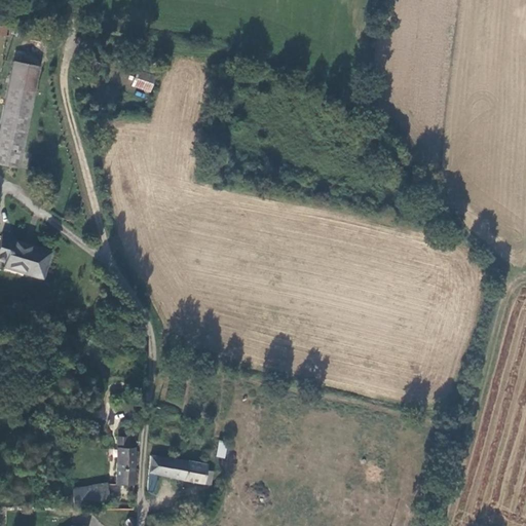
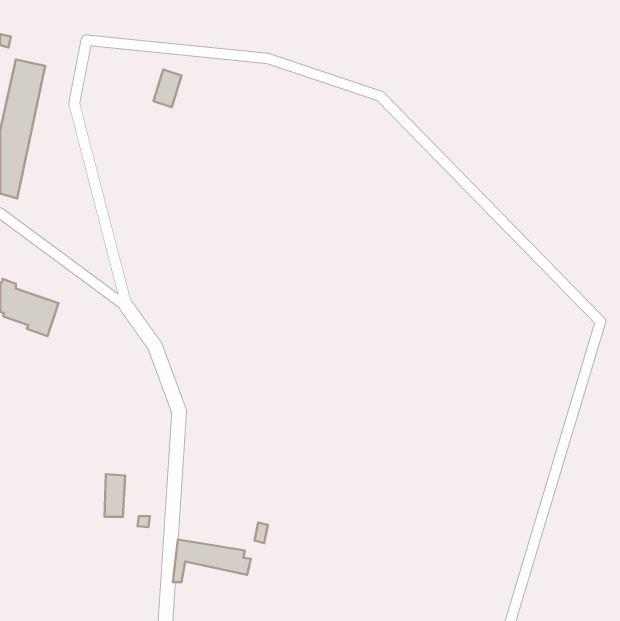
building: [118,448,136,484] -> [105,474,125,517]
building: [76,484,111,505] -> none

